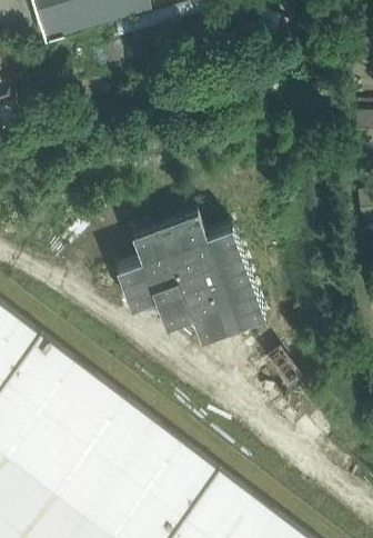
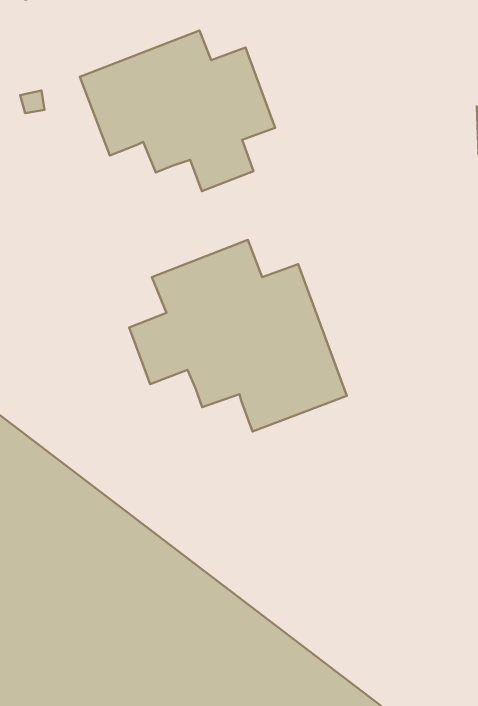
building: none -> [80,31,275,191]

